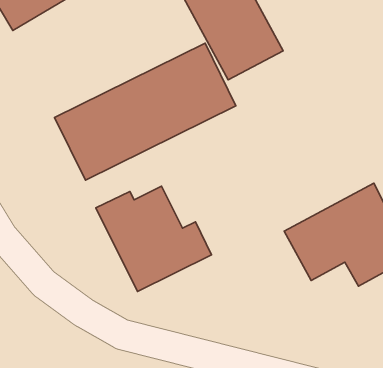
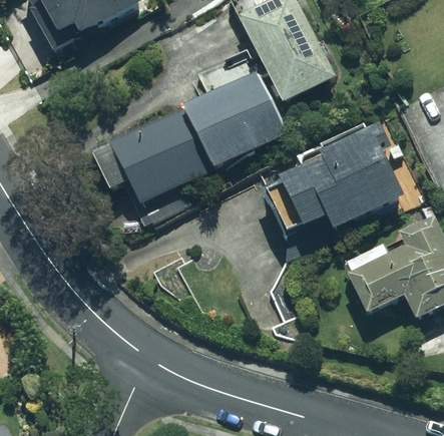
building: none -> [265,121,405,233]
building: [96,186,211,291] -> none

